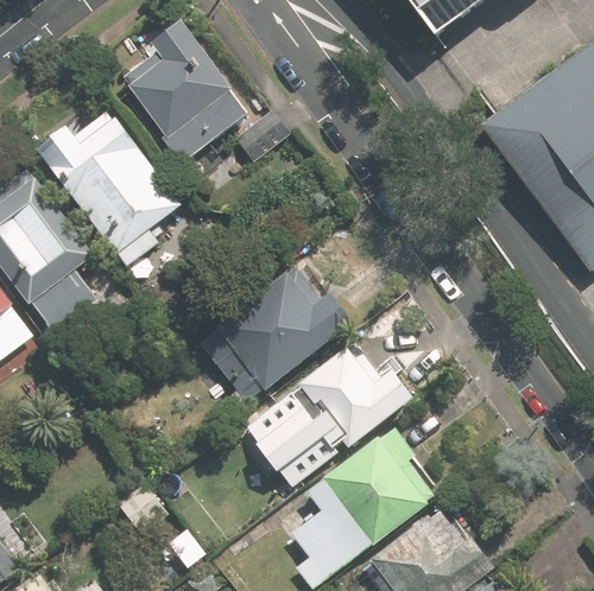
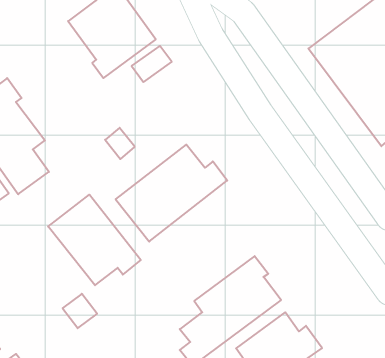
building: [36,104,182,271] -> none
building: none -> [48,195,141,285]
building: [251,350,416,484] -> none

